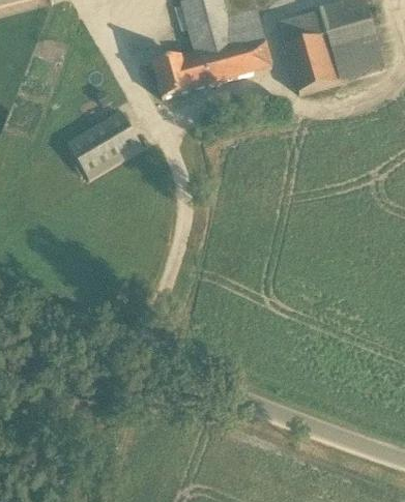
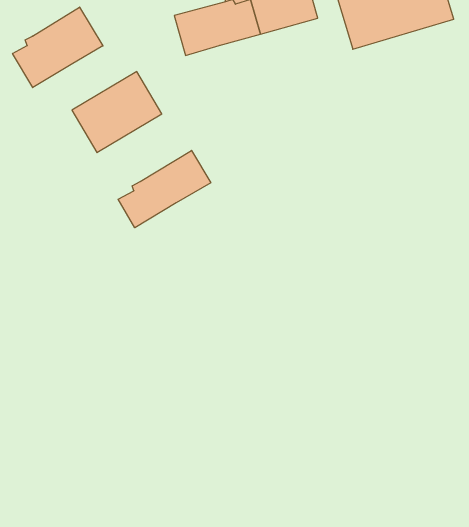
building: none -> [13,7,103,88]
building: none -> [118,150,211,228]

